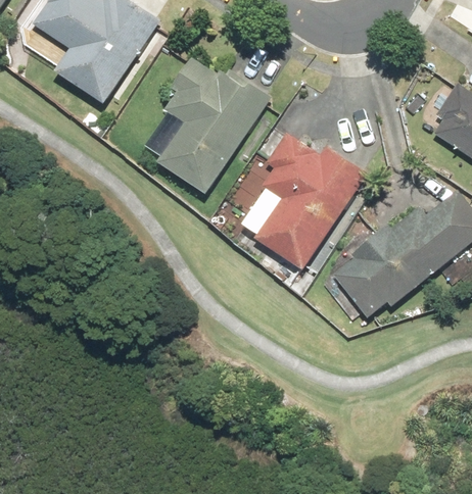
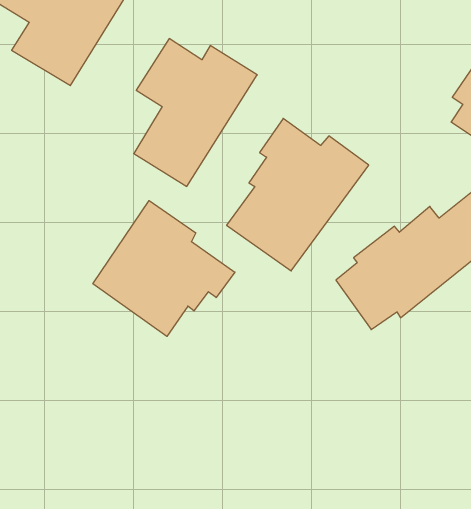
building: none -> [93,201,235,336]

